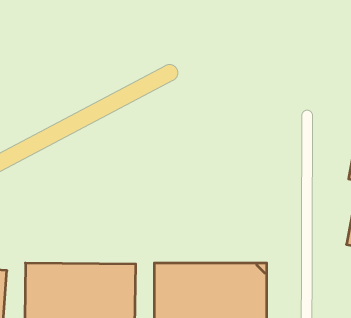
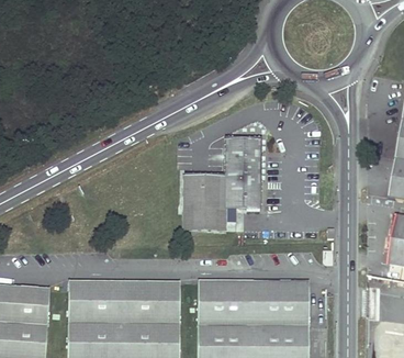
building: none -> [184,135,263,227]

